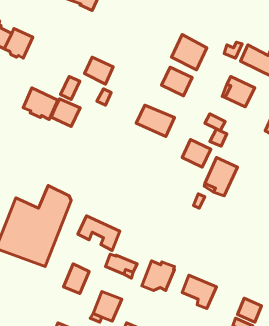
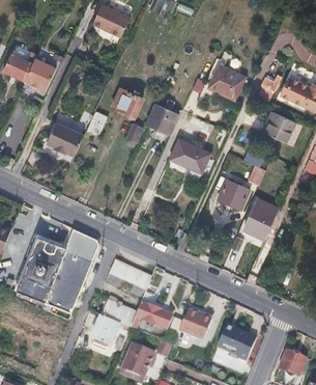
building: [162,67,192,96] -> [145,105,178,136]
building: [51,99,80,126] -> none
building: none -> [99,294,136,326]

